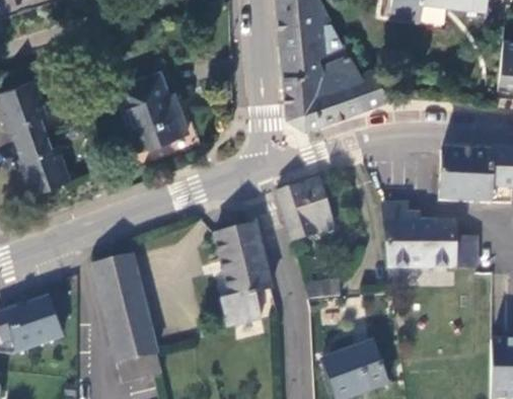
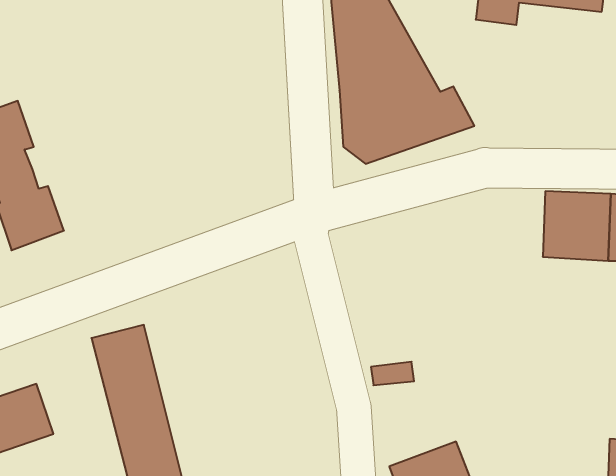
building: [121,71,193,149] -> none
building: [276,179,332,241] -> none
building: [381,204,477,267] -> none
building: [208,221,271,327] -> none

